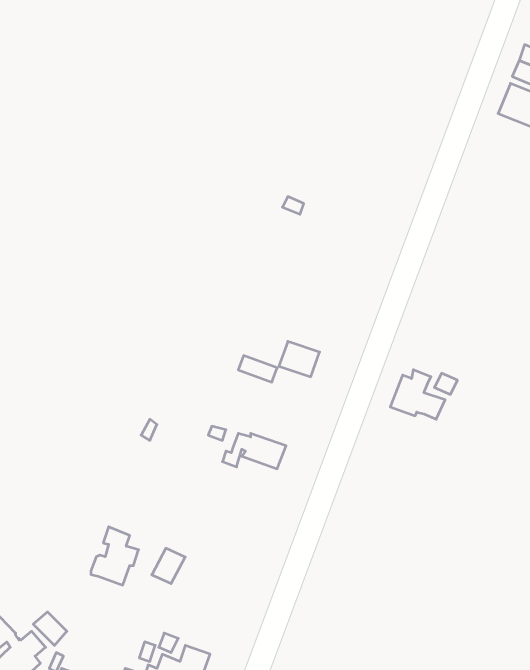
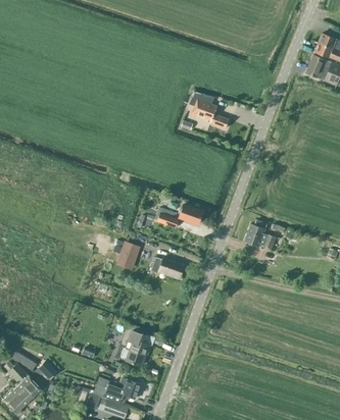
building: none -> [192,99,229,128]
building: none -> [116,242,141,271]
building: [91,527,139,585] -> [123,331,150,365]

